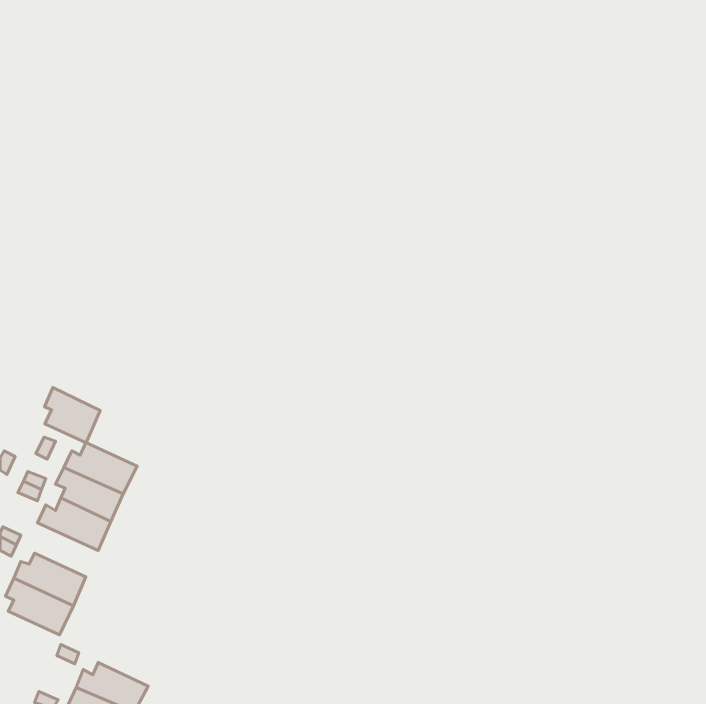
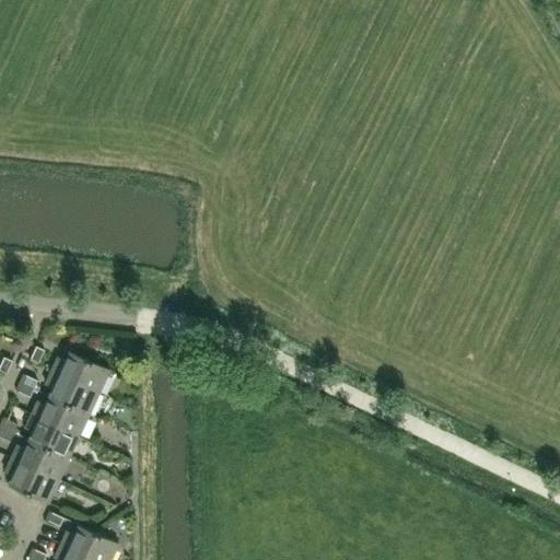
building: [44,387,100,443] -> none
building: none -> [25,416,79,458]

